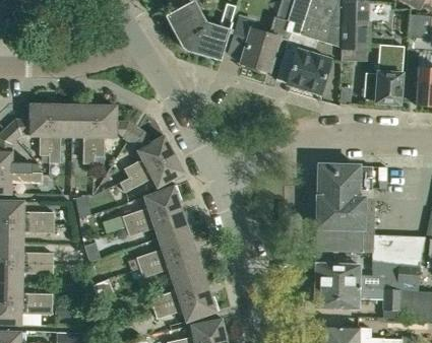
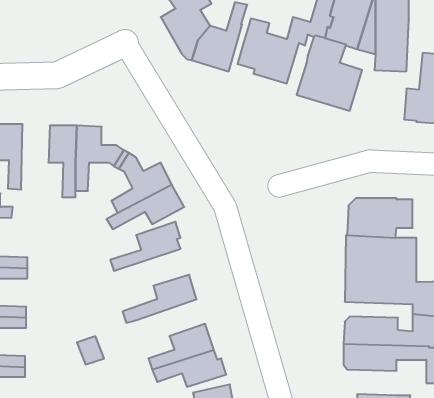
building: [50,105,73,164] -> none
building: [126,207,188,237] -> none
building: [144,249,201,279] -> none

